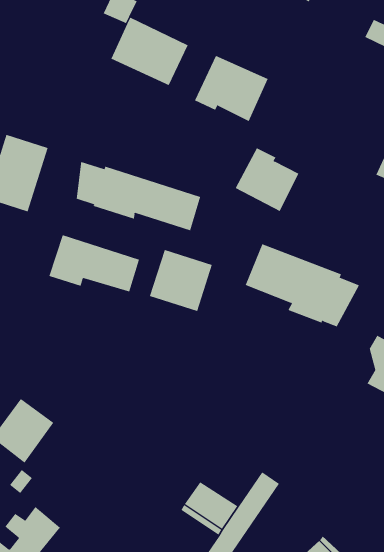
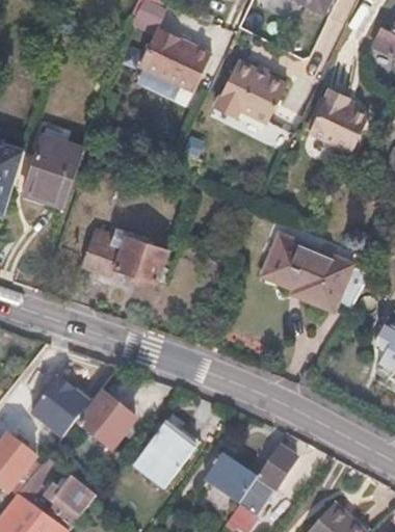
building: [235,147,299,212] -> [310,91,369,151]
building: [76,161,201,231] -> none
building: [149,249,213,312] -> none
building: none -> [78,393,136,450]
building: none -> [134,424,194,486]

